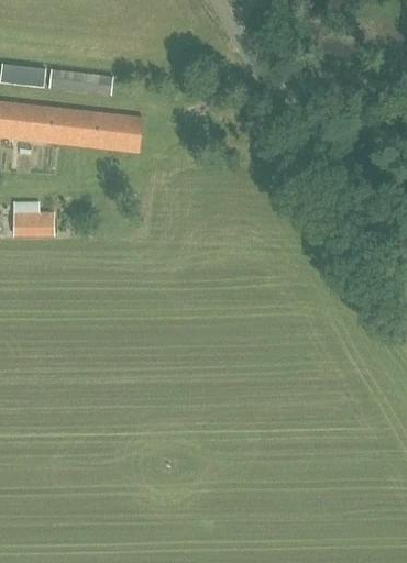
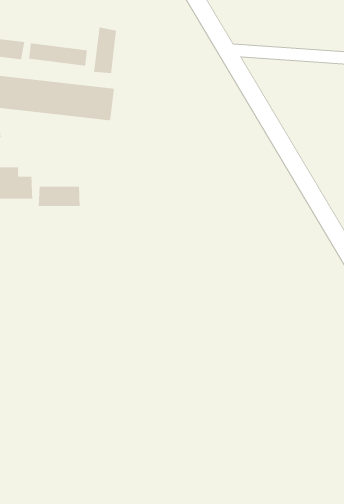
building: none -> [93,27,117,74]
building: none -> [38,186,81,207]

